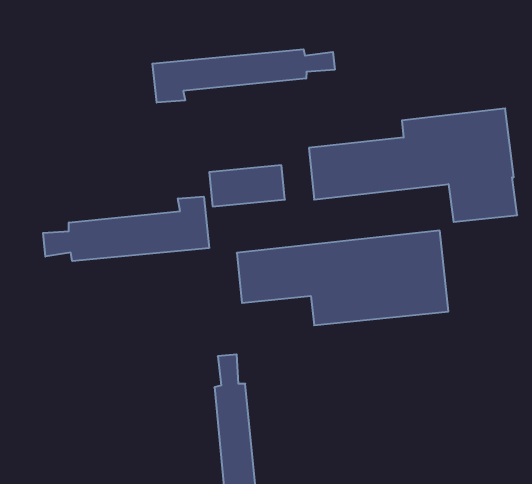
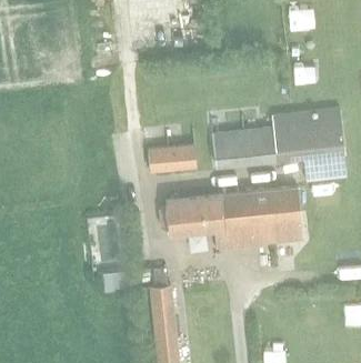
building: [152,49,335,103] -> none
building: [43,197,209,261] -> none

